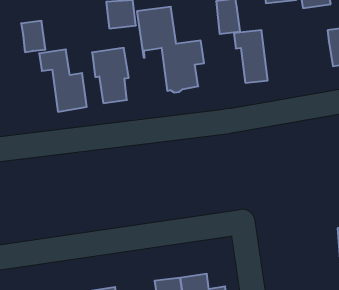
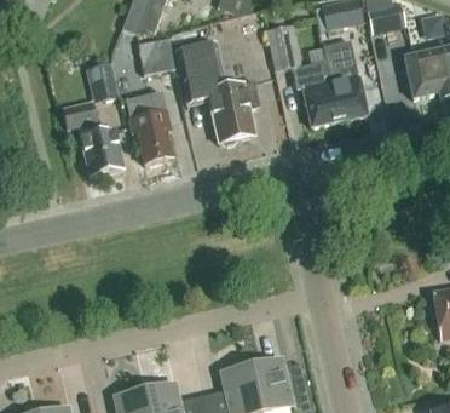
building: [21,21,45,52] -> [88,64,120,103]
building: none -> [325,58,367,121]

